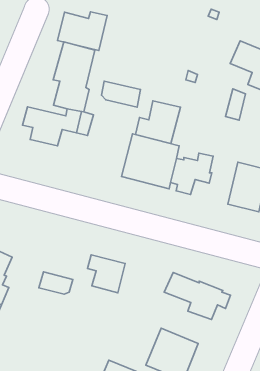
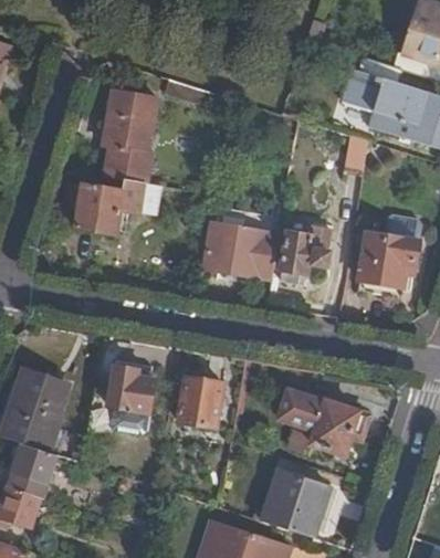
building: [58,12,107,51] -> none
building: [101,81,141,107] -> none
building: [135,101,180,144] -> none
building: none -> [87,365,157,431]

